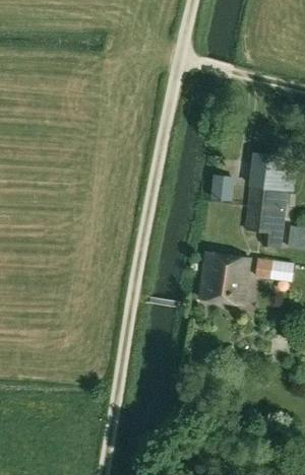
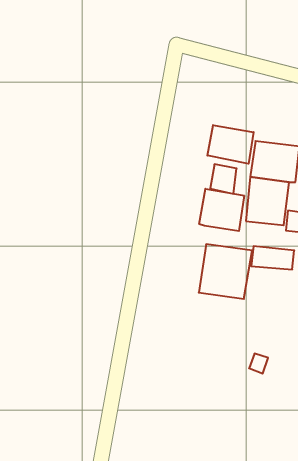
building: none -> [207,125,254,164]
building: none -> [199,189,244,231]

